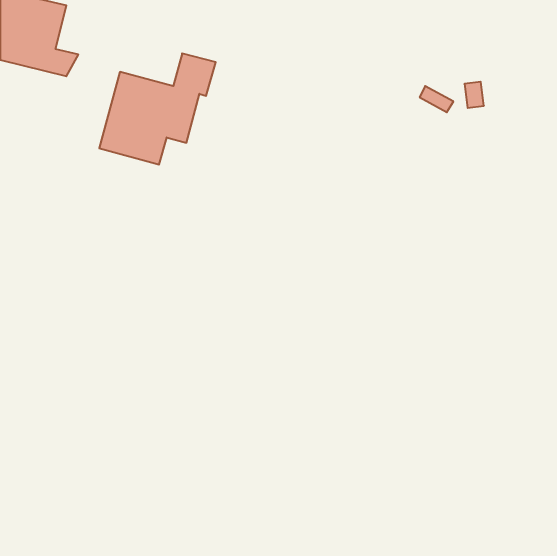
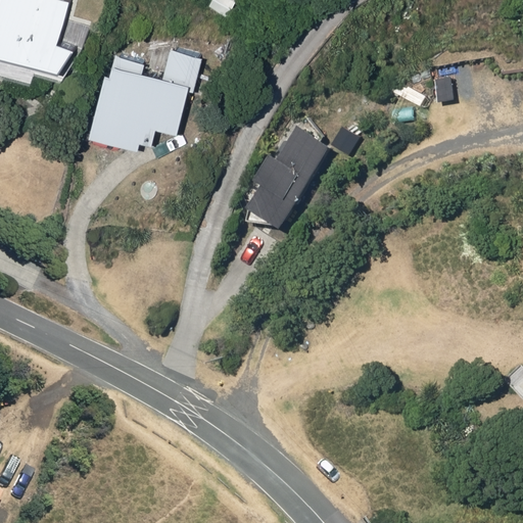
building: none -> [242,126,327,229]

